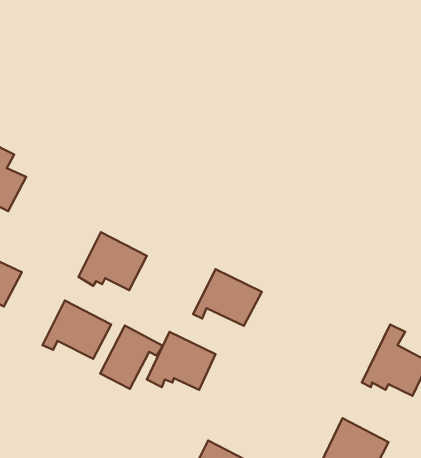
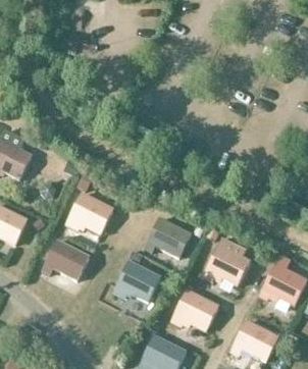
building: none -> [203,236,252,285]
building: [100,325,163,389] -> none
building: none -> [171,291,219,330]

